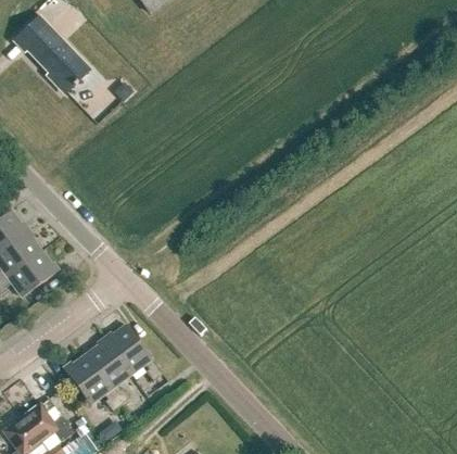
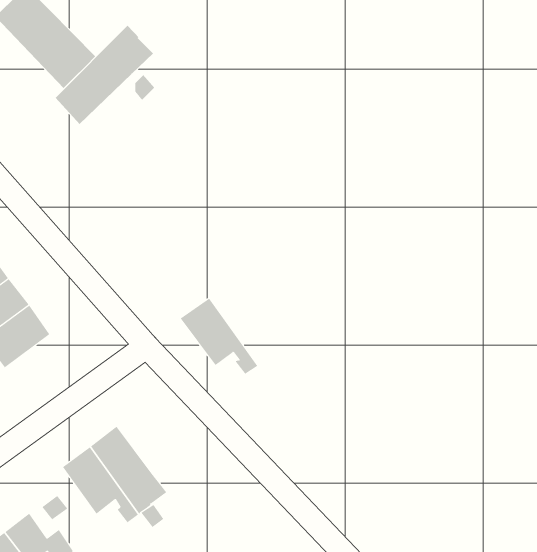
building: none -> [55,25,154,125]
building: [104,324,162,380] -> [180,298,258,375]

